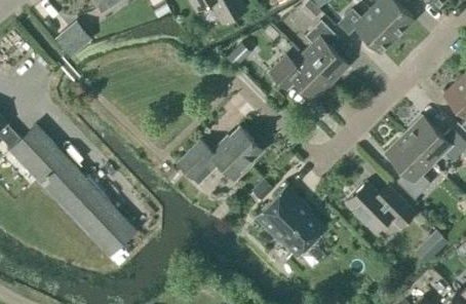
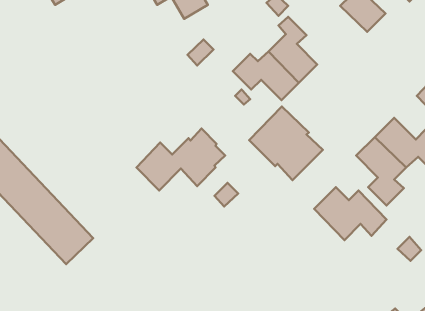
building: [345,10,396,53] -> none
building: [57,23,91,55] -> none
building: [256,187,325,257] -> [249,106,323,180]

